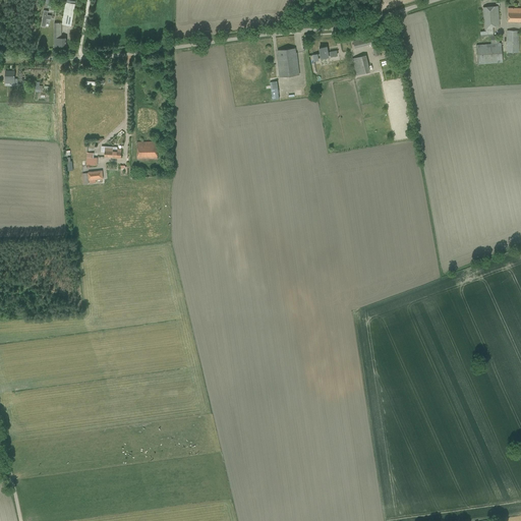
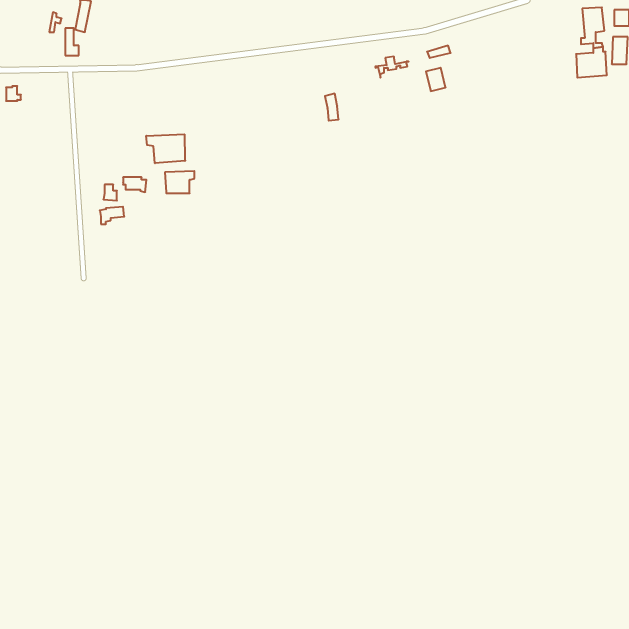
building: [277,49,299,78] -> none
building: none -> [146,134,185,163]

